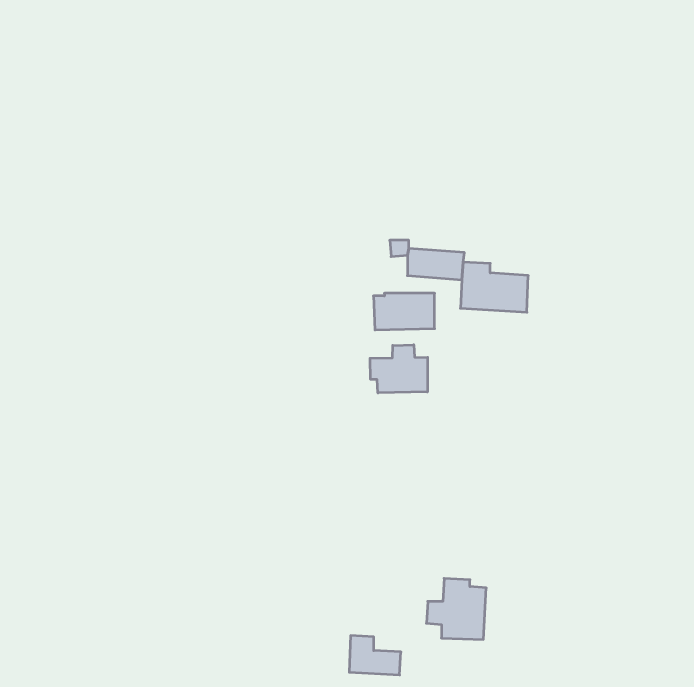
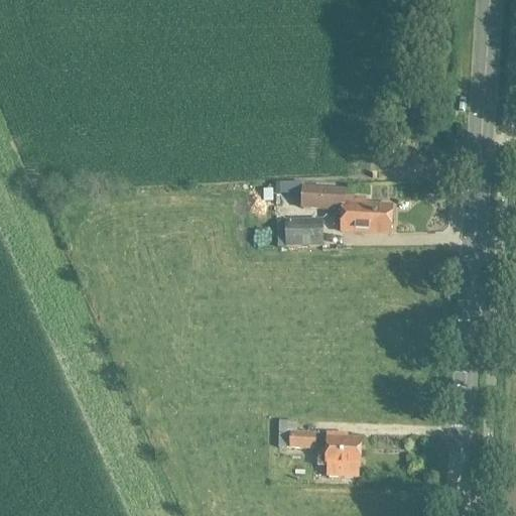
building: [370,345,428,393] -> none
building: [349,636,401,675] -> [278,418,316,447]

